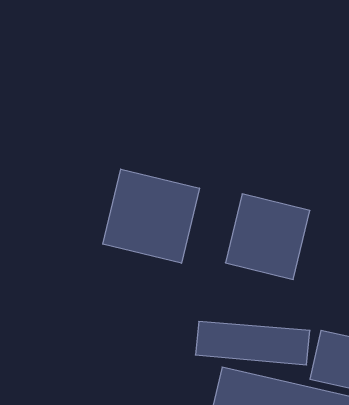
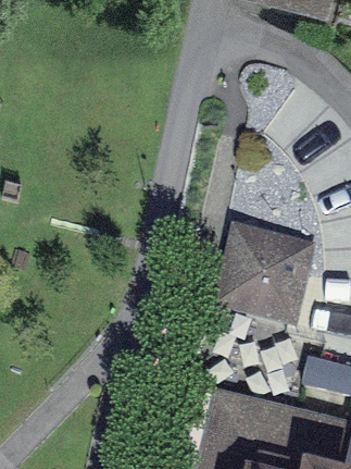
building: [103,169,199,263] -> none

